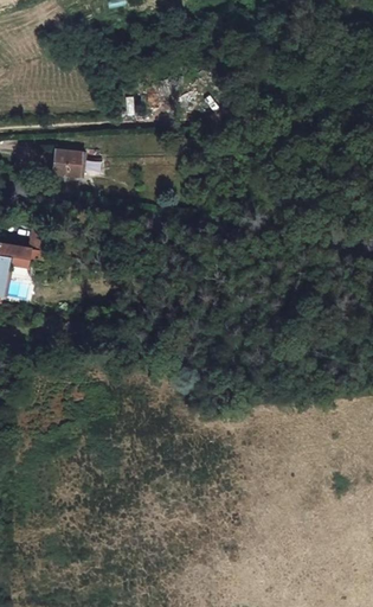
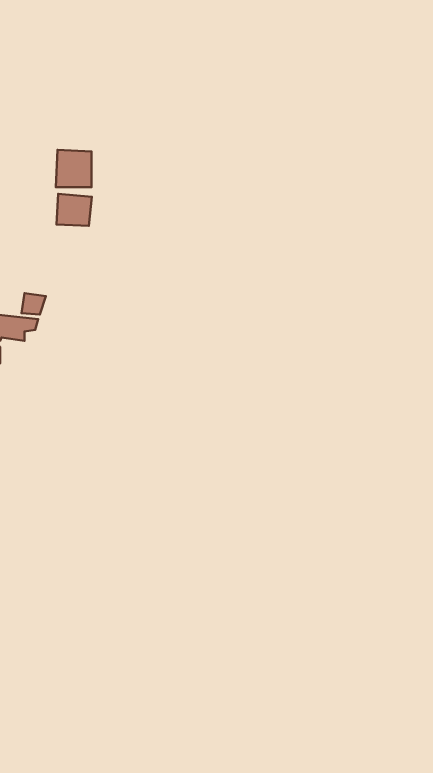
building: none -> [56,150,91,187]

